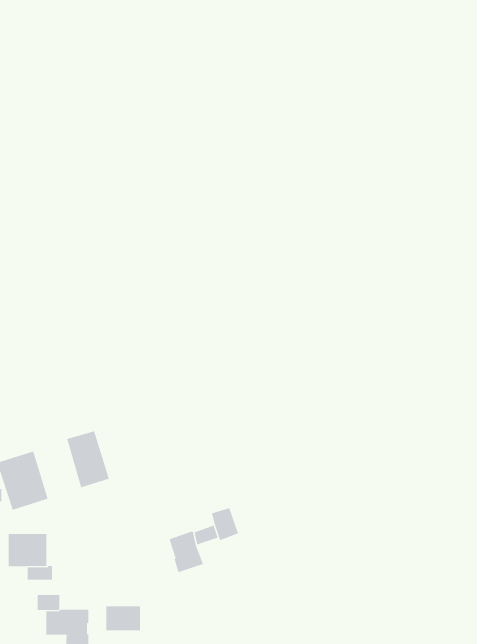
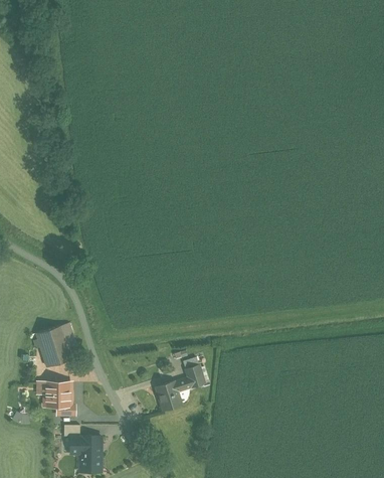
building: [66,431,110,488] -> none
building: [106,605,141,631] -> none

